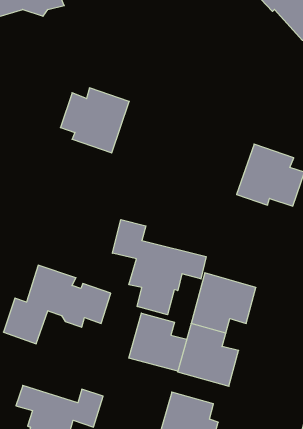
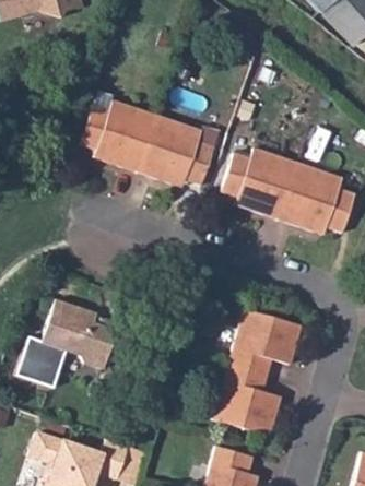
building: none -> [138,115,215,187]
building: none -> [221,147,298,220]
building: [112,220,206,315] -> none
building: [129,313,187,371] -> none

